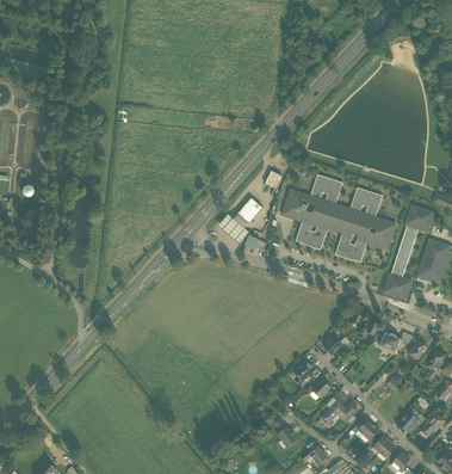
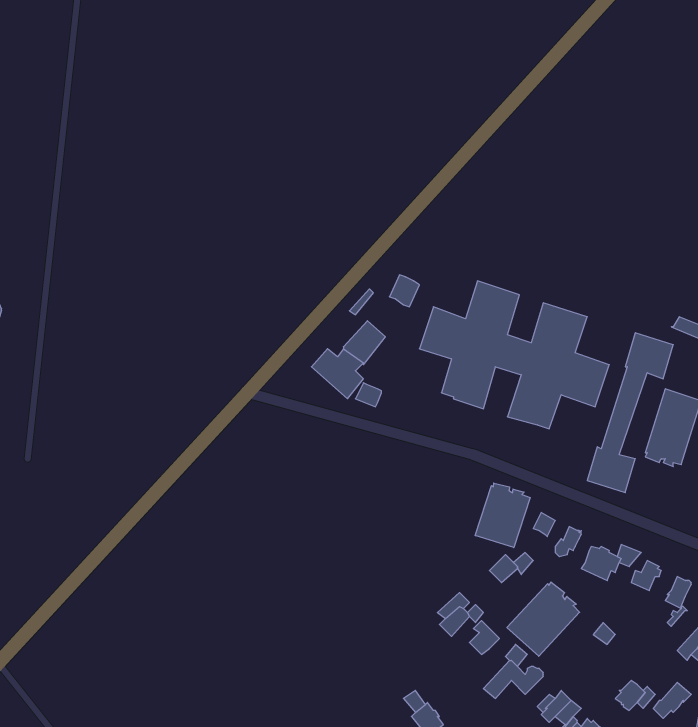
building: none -> [475,483,530,548]
building: none -> [507,582,580,656]

